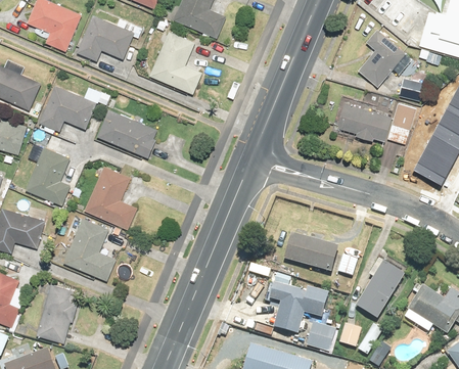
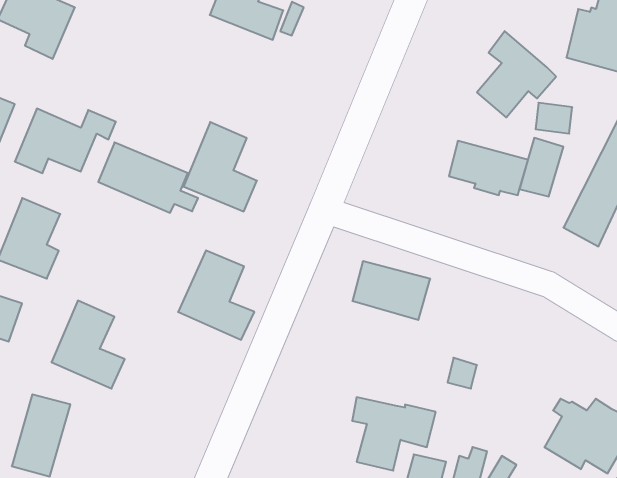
building: [76,13,140,58] -> none
building: [149,30,200,92] -> [184,122,257,211]
building: [83,165,136,227] -> [178,250,254,340]
building: [287,234,341,275] -> [352,261,430,320]
building: [360,261,408,321] -> none

